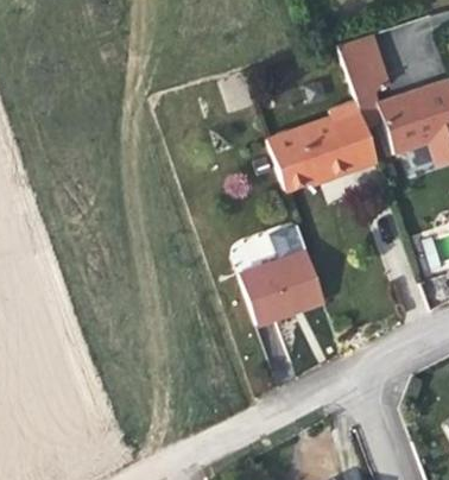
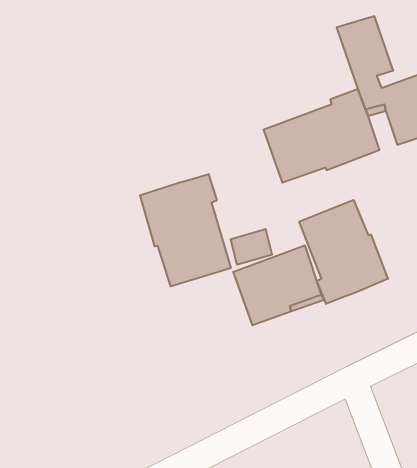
building: none -> [140,174,231,286]
building: none -> [299,200,388,304]

